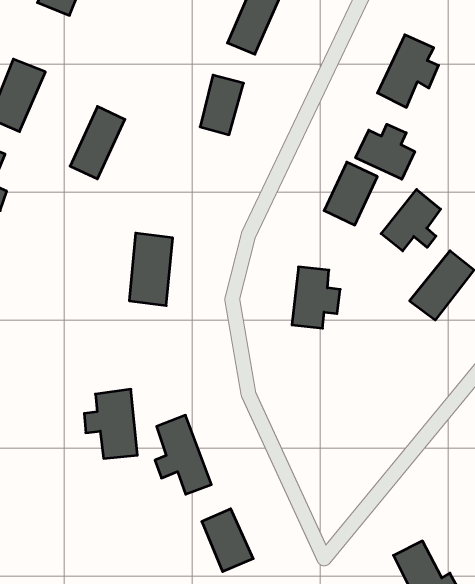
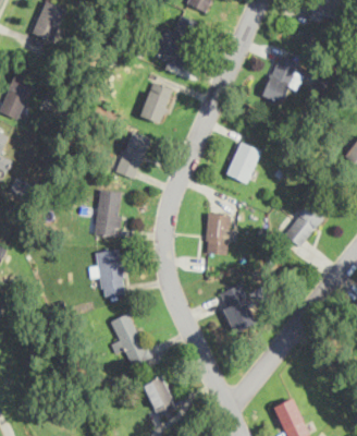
building: [70,106,125,179] -> [114,131,151,180]
building: [356,124,415,179] -> none
building: [381,189,441,251] -> none
building: none -> [217,283,258,331]
building: [84,389,137,458] -> [89,250,125,296]

